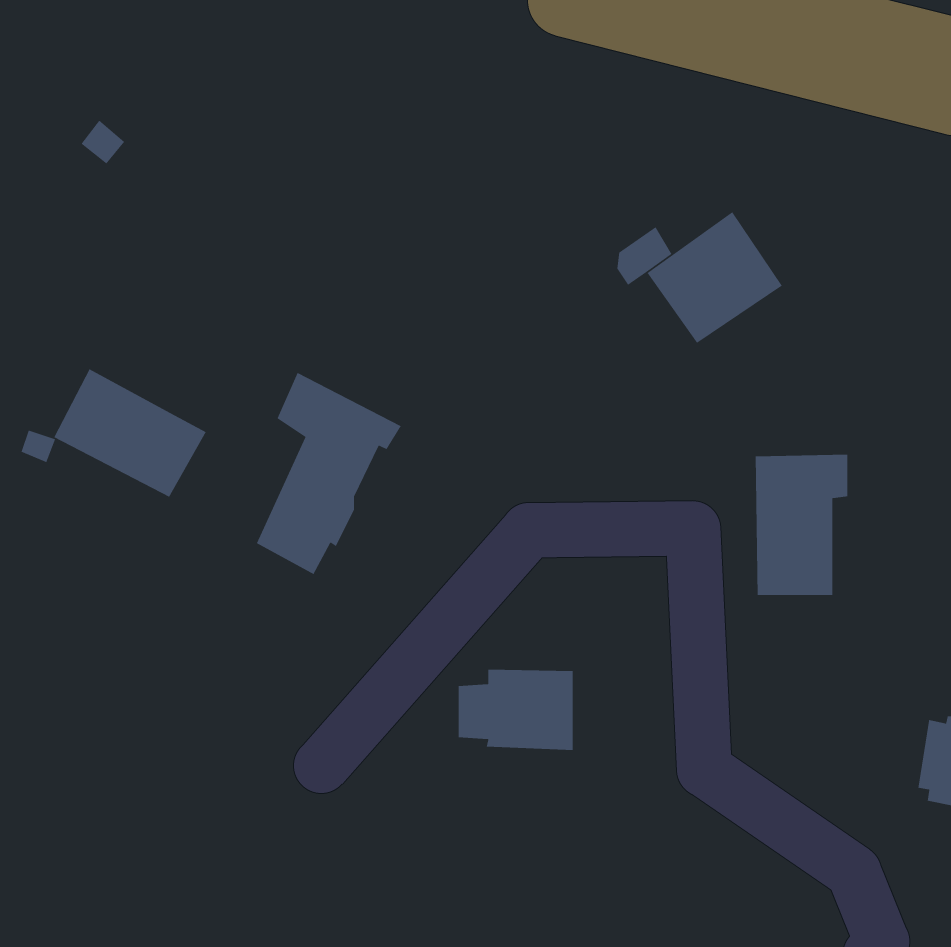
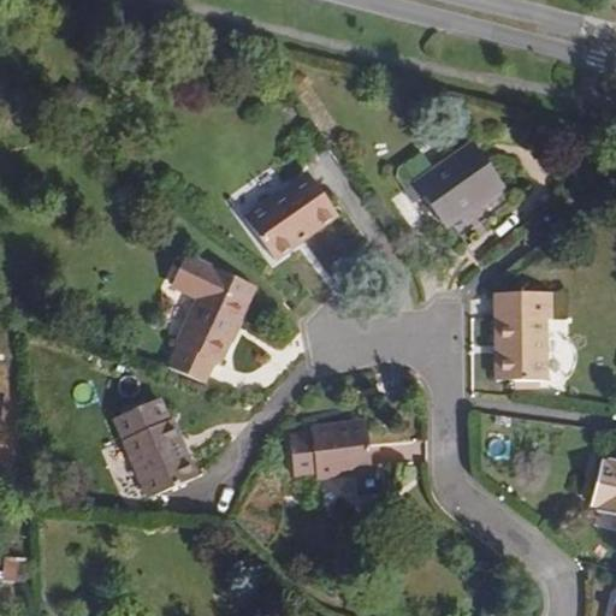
building: none -> [241,173,332,262]
building: [53,368,207,498] -> none
building: none -> [120,396,199,496]

